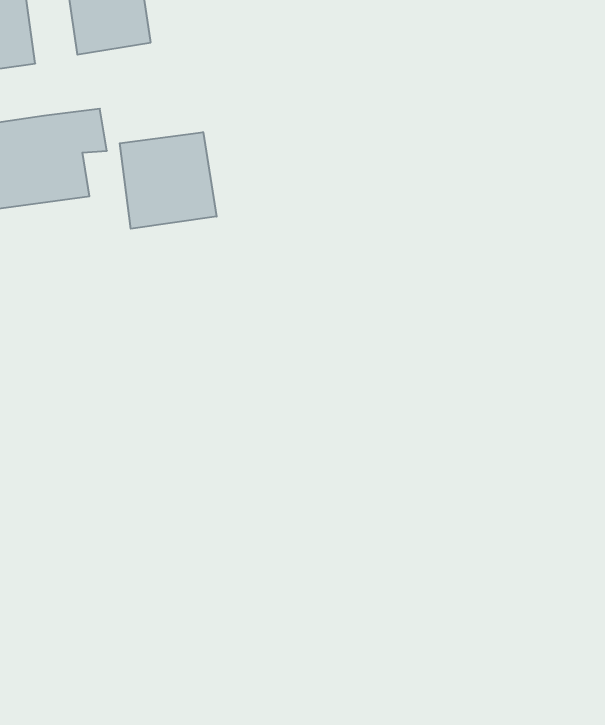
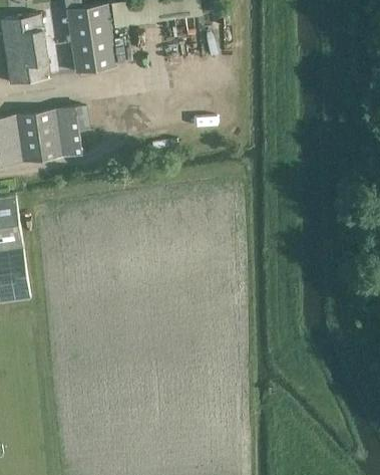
building: [120,132,217,229] -> none

